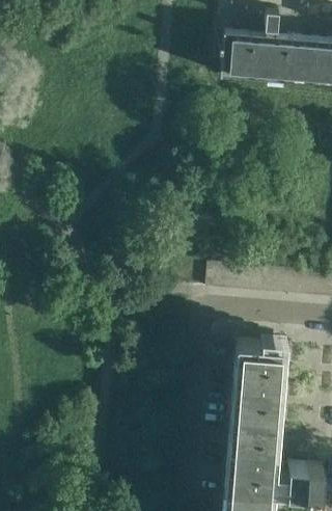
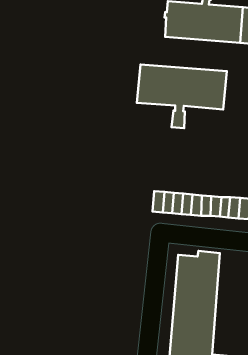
building: none -> [137,64,227,128]

